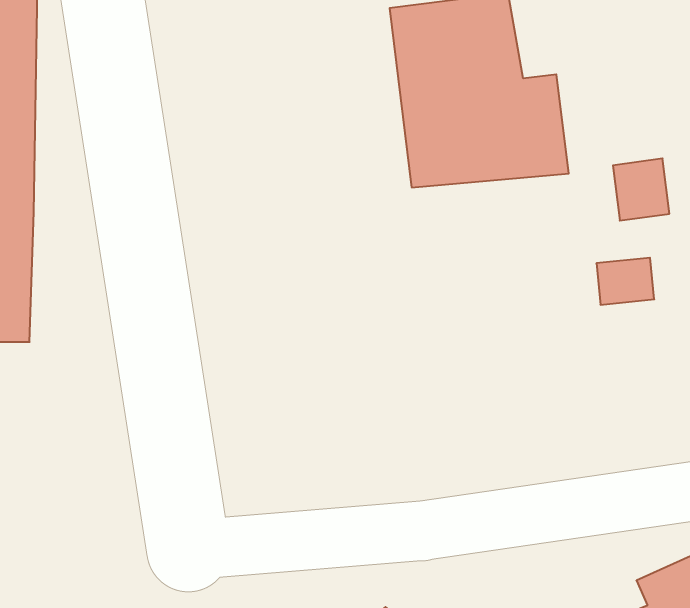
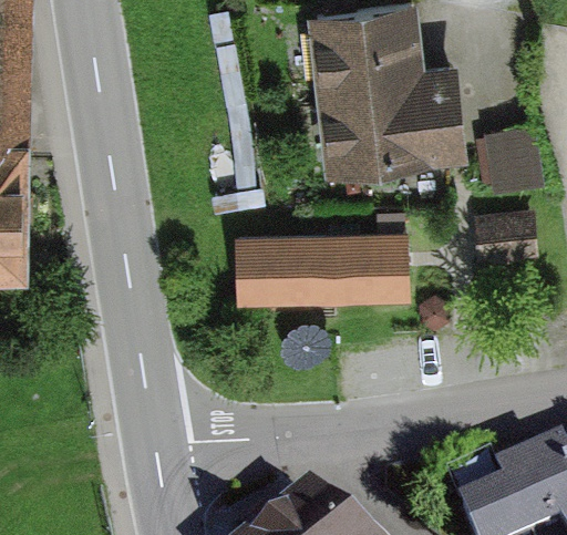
building: none -> [235,238,404,296]

